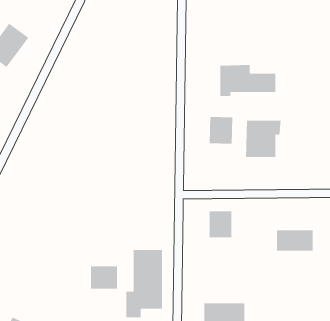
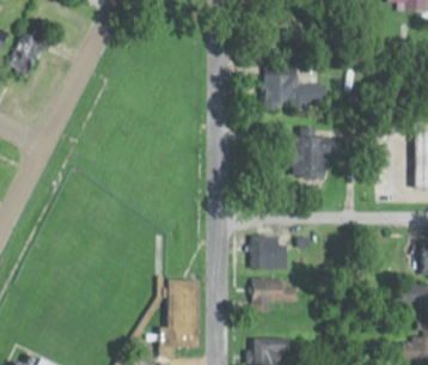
building: [209,116,233,144] -> none
building: [276,230,314,251] -> [253,279,295,303]
building: [90,265,117,289] -> none

